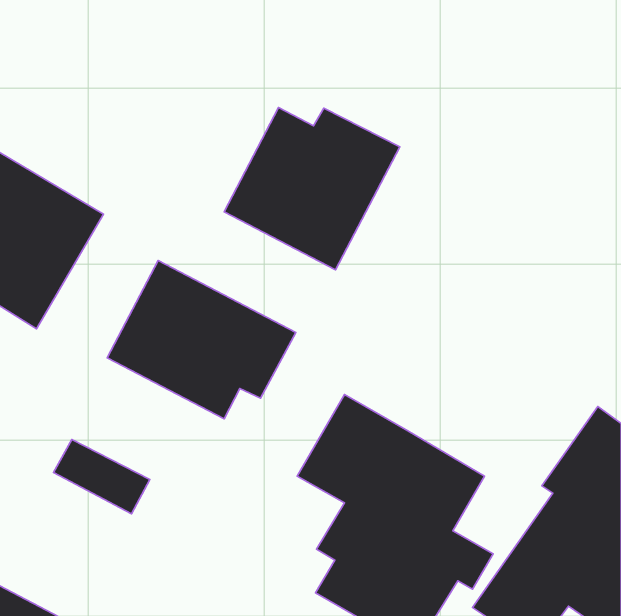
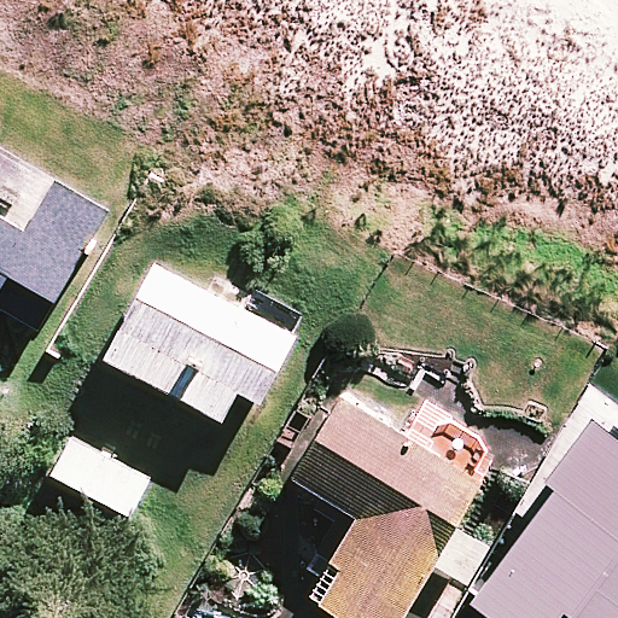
building: [224,107,400,270] -> none

